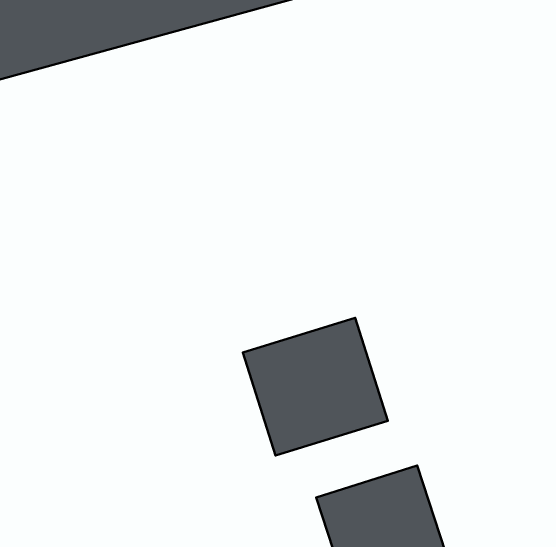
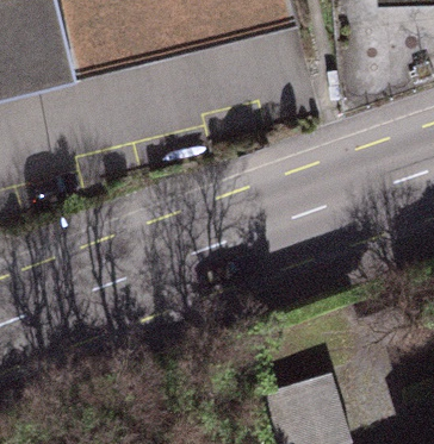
building: [243,318,388,455] -> none

